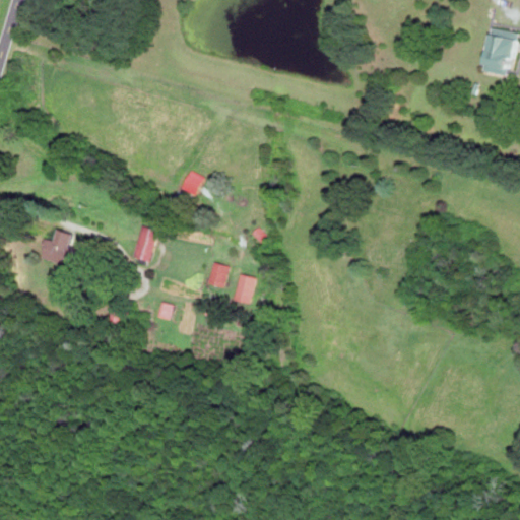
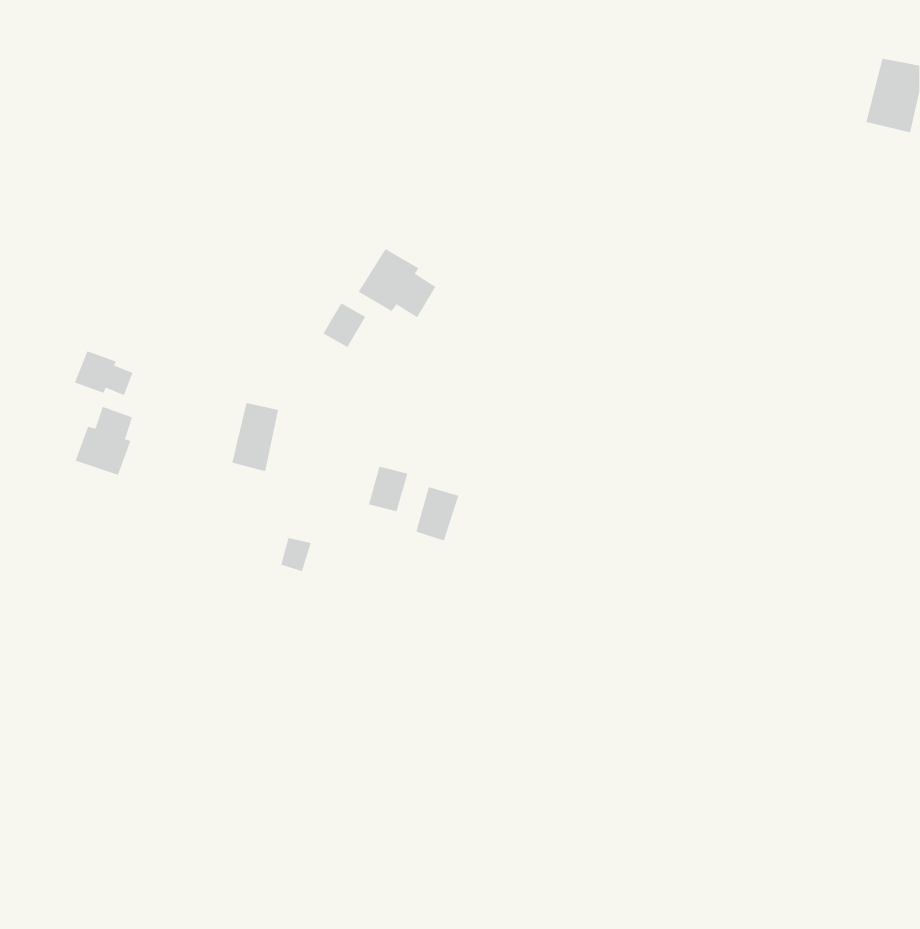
building: none -> [358,248,436,318]
building: none -> [74,350,133,396]

